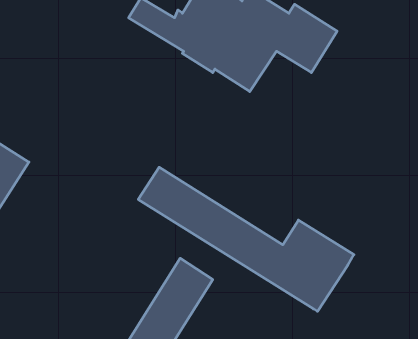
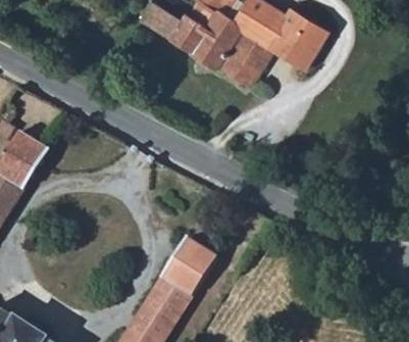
building: [138,167,354,311] -> none

